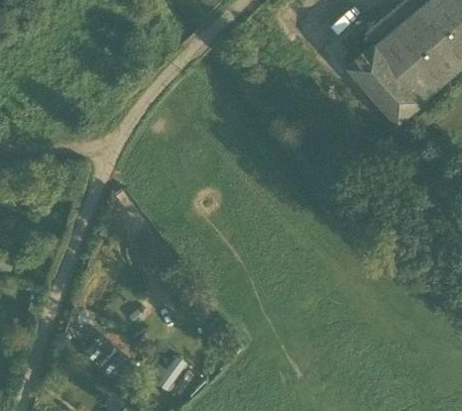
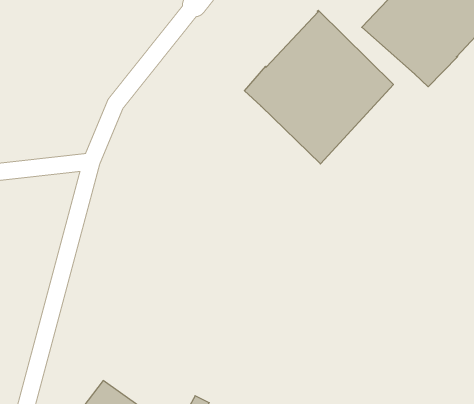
building: none -> [244,10,393,164]

